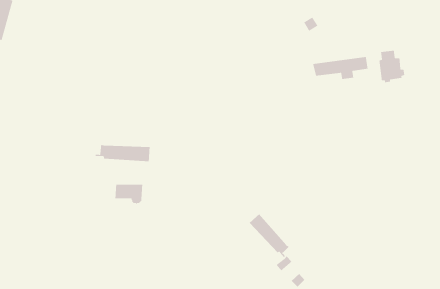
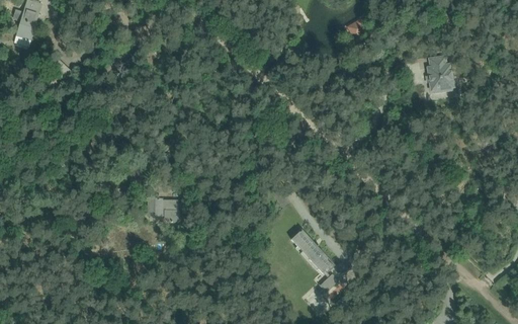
building: [312,56,368,80] -> none
building: [95,144,150,162] -> none

